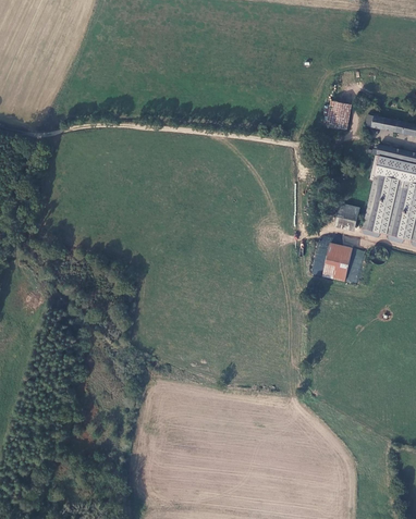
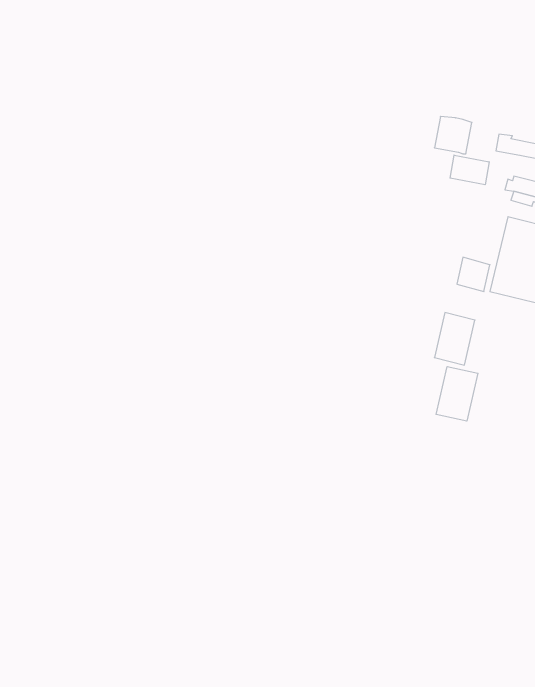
building: none -> [450,155,489,185]
building: none -> [436,367,478,421]

